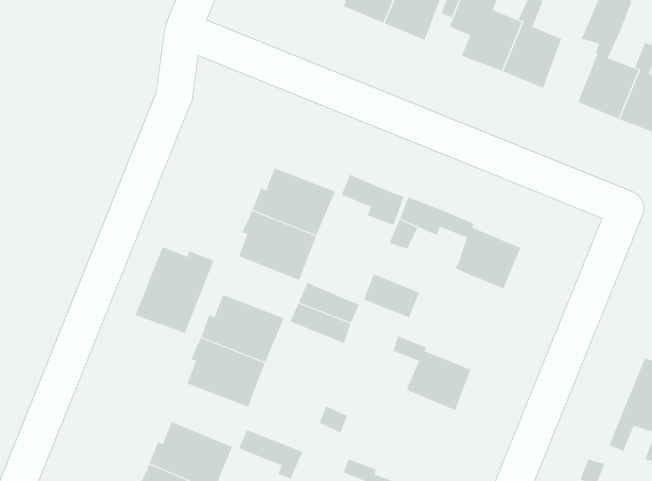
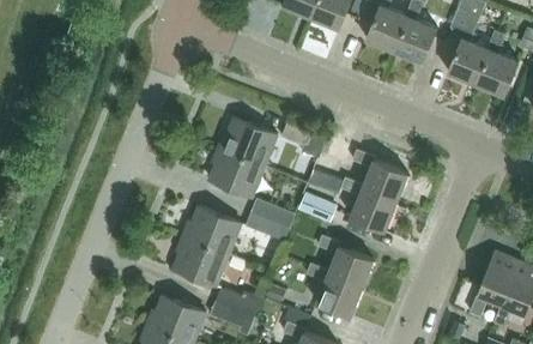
building: [135,246,214,334] -> none
building: none -> [340,177,395,230]
building: none -> [305,262,362,316]
building: none -> [216,286,262,316]

